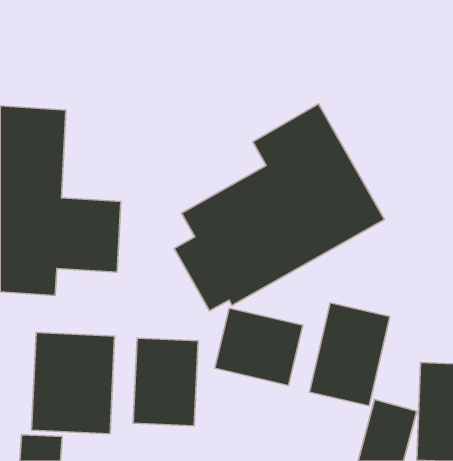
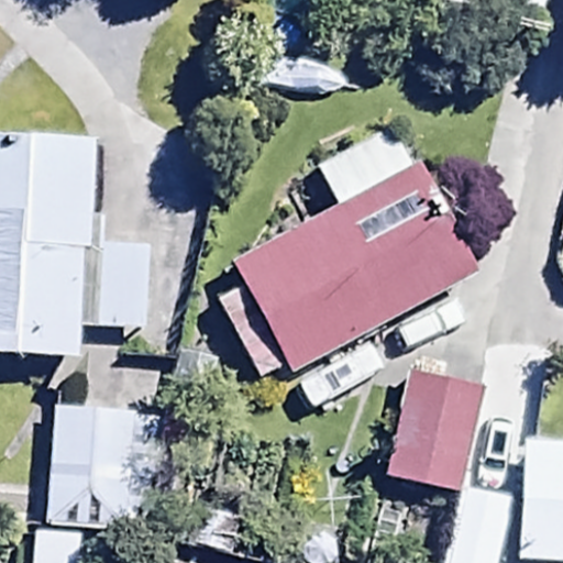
building: [215,308,303,385] -> none
building: [133,338,198,426] -> none

